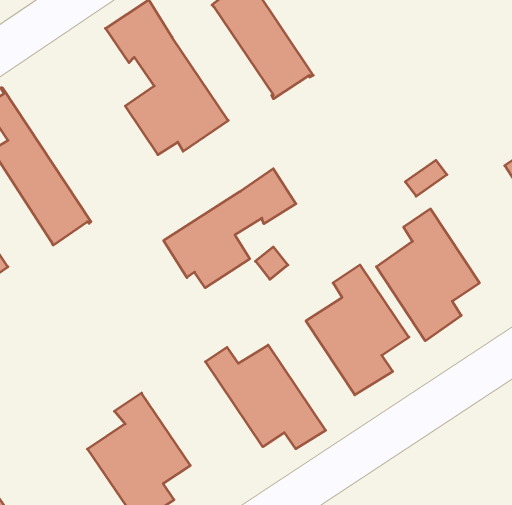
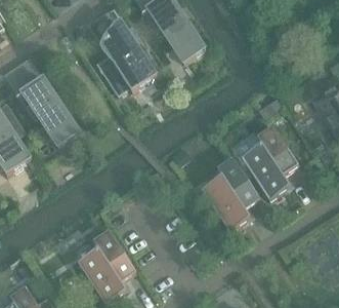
building: [164,169,296,288] -> none
building: [205,345,326,449] -> none

